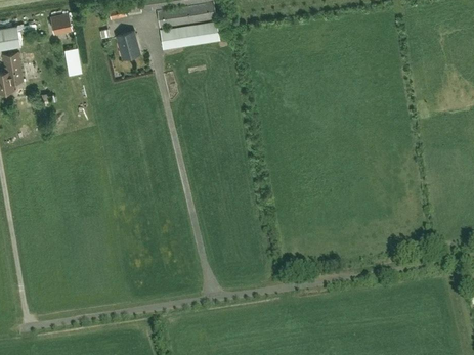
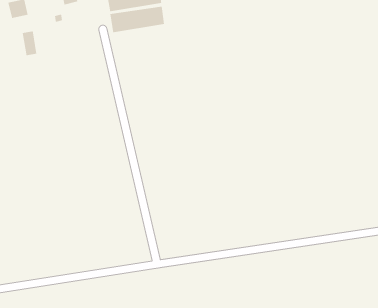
building: [116,32,139,59] -> none

